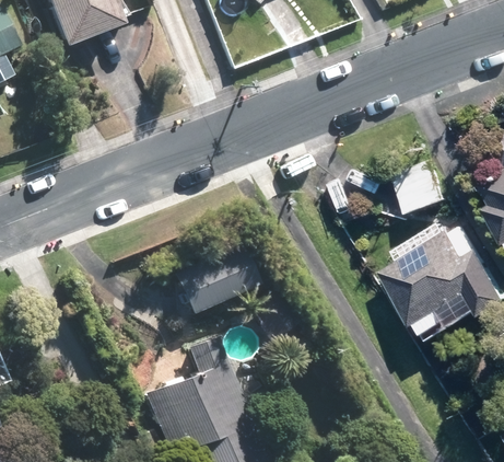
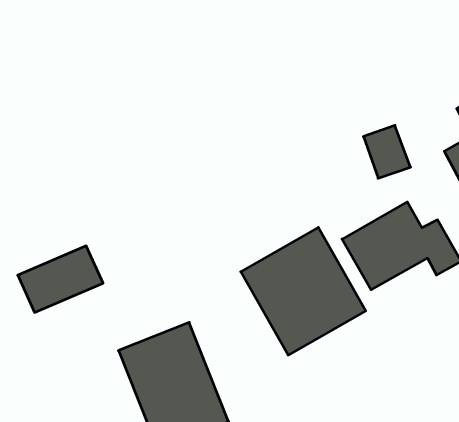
building: [175,252,258,316] -> [18,246,103,312]
building: none -> [241,227,366,355]

